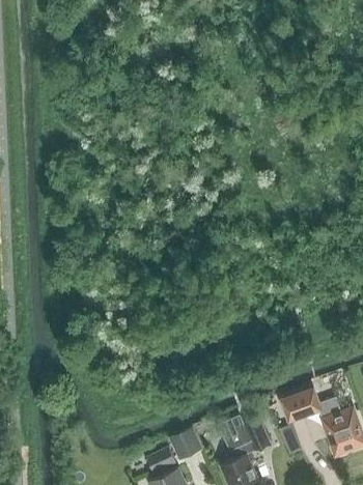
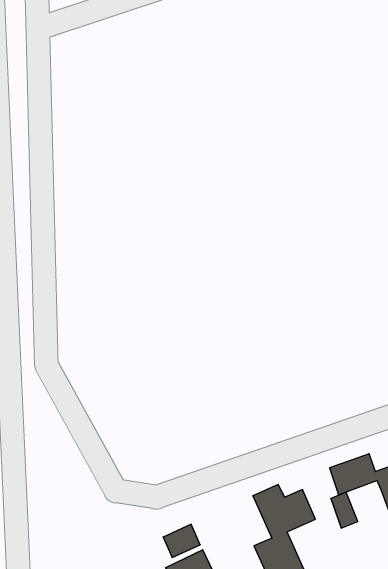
building: [169,426,203,460] -> none

